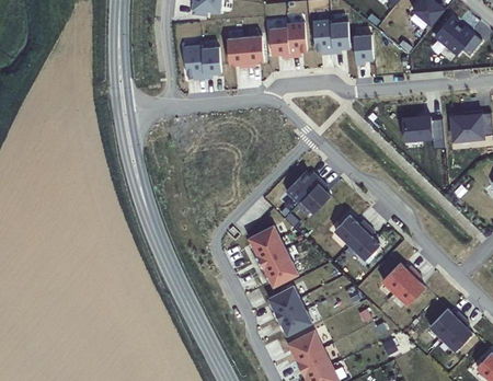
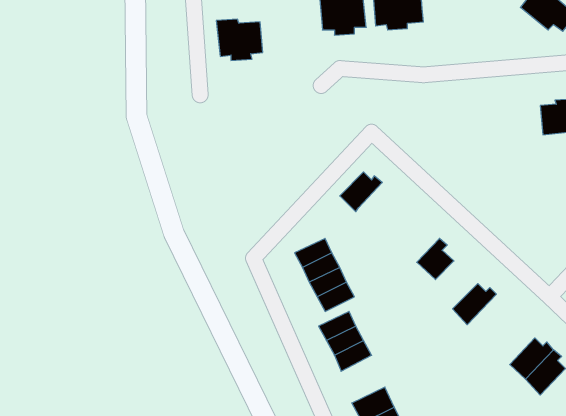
building: [227,35,264,68] -> none
building: [353,35,372,65] -> none
building: [401,116,432,140] -> none
building: [300,180,330,212] -> none
building: [333,215,367,245] -> none
building: [390,272,424,309] -> none
building: [286,331,322,361] -> none

